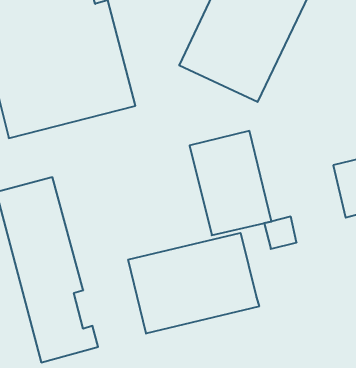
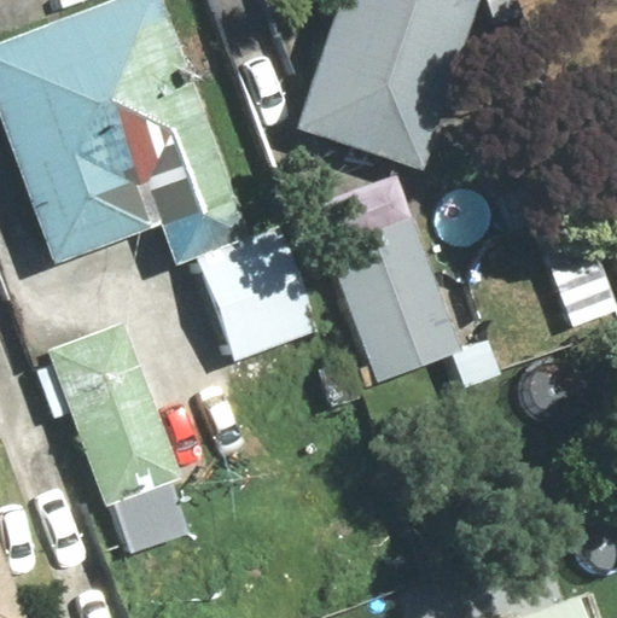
building: none -> [190,227,316,363]
building: [128,233,259,334] -> none

